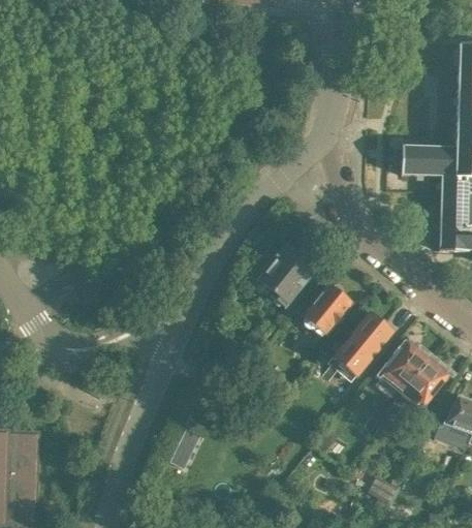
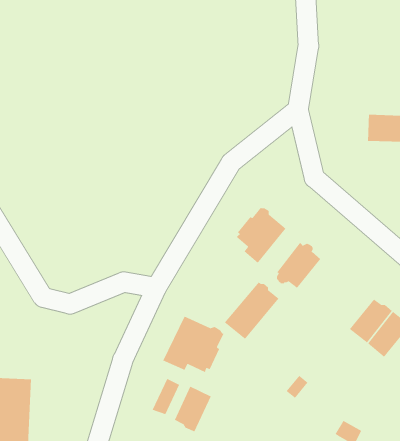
building: [333,312,392,375] -> [224,281,280,340]
building: none -> [162,315,224,373]
building: none -> [174,386,212,432]

